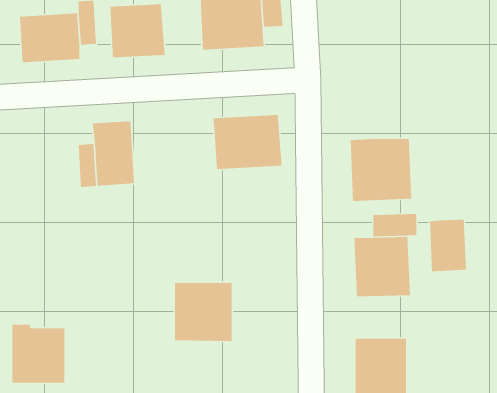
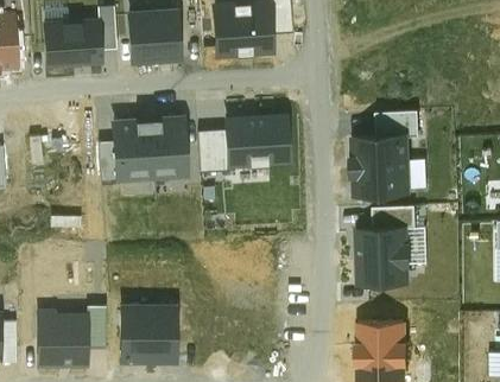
building: none -> [376,112,419,136]
building: none -> [148,117,188,179]
building: none -> [197,130,230,172]
building: [429,219,467,272] -> none
building: [174,282,232,342] -> [121,306,176,362]
building: none -> [87,307,106,348]

